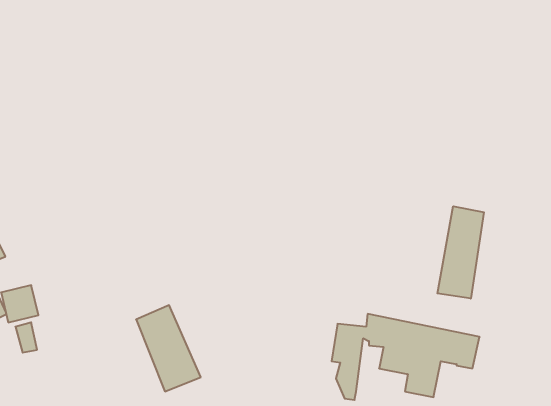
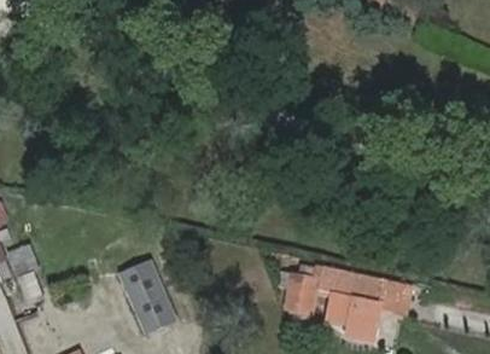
building: [437,206,484,299] -> none

